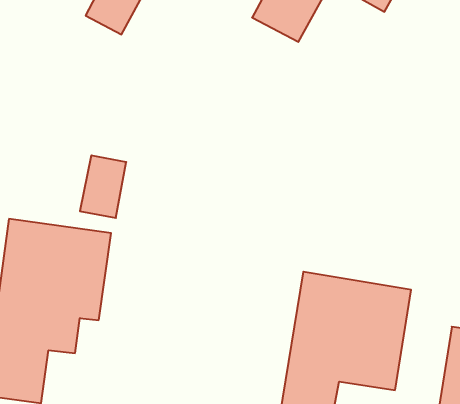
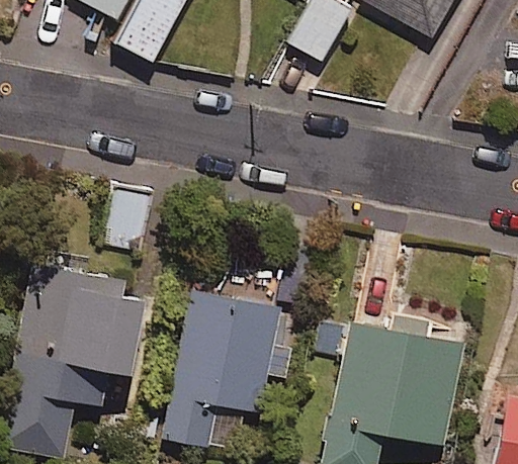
building: none -> [164,253,292,453]

